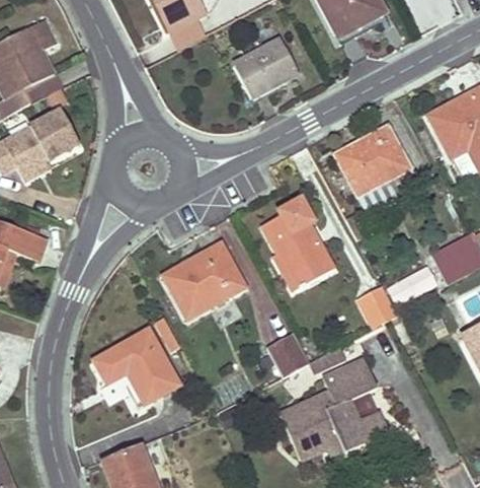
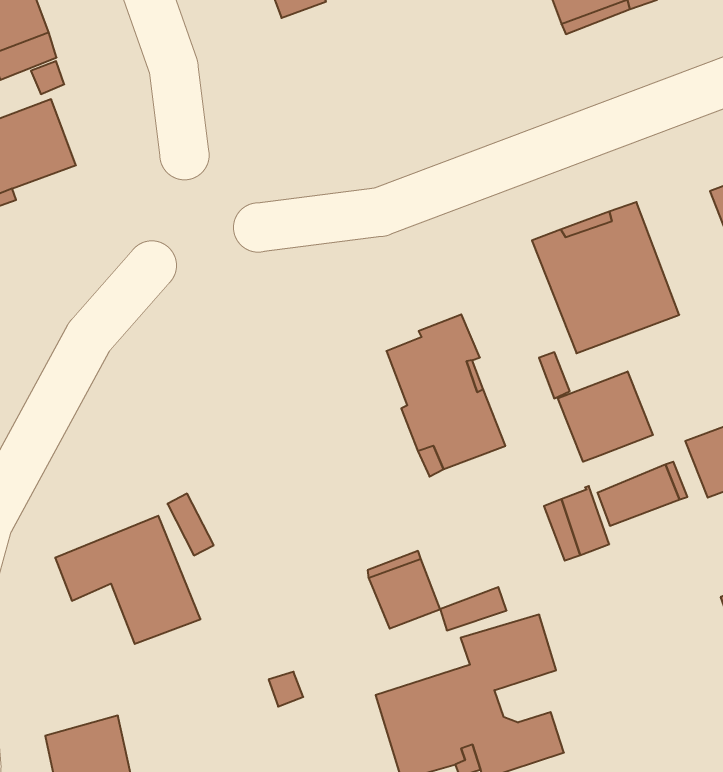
building: [233,40,297,97] -> none
building: none -> [558,371,653,462]
building: [163,242,243,318] -> none

